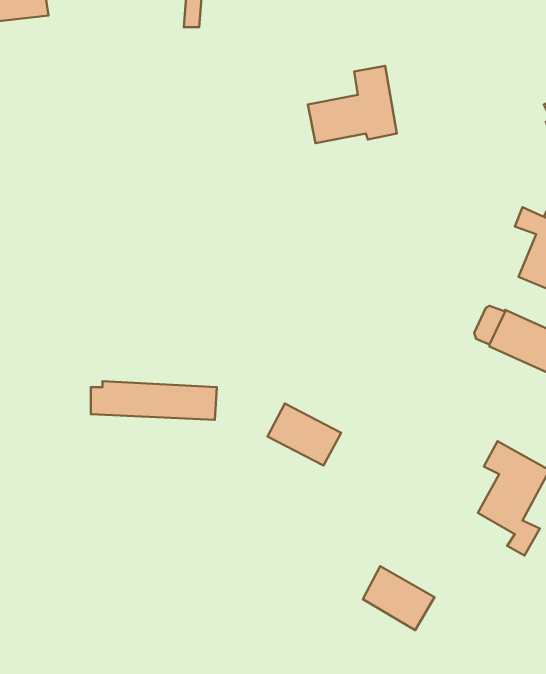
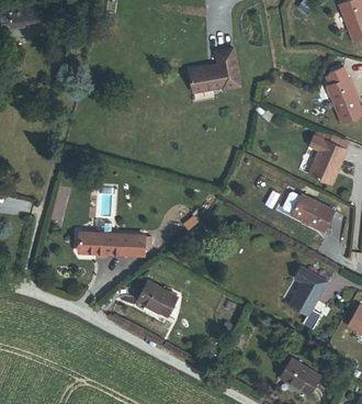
building: [268,404,341,466] -> [146,280,188,315]
building: [363,566,434,630] -> [281,356,321,392]

